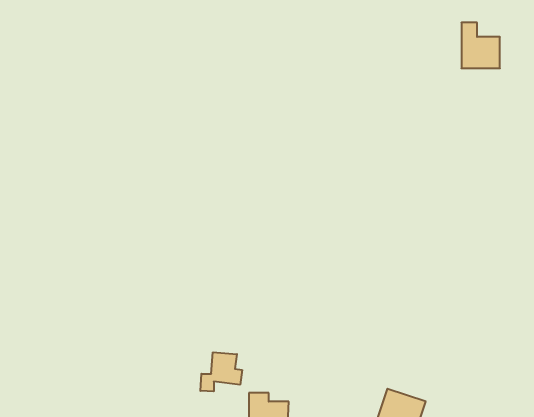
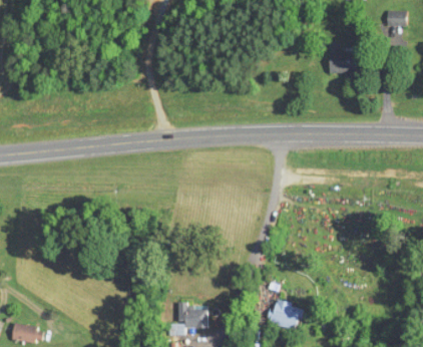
building: [200,352,242,391] -> none

